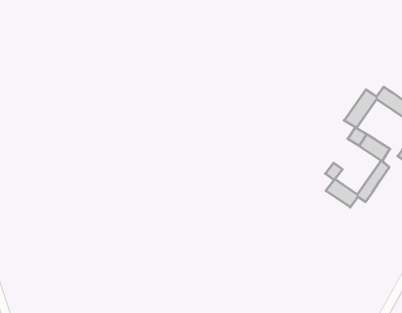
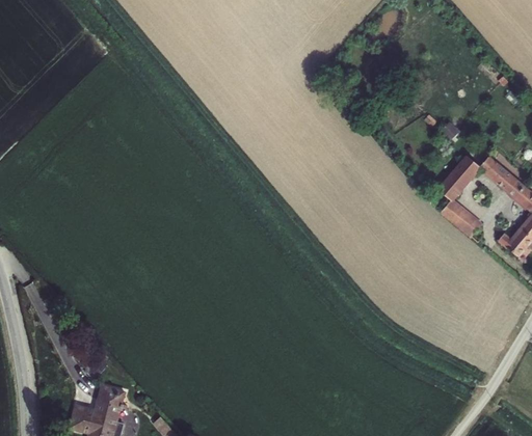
building: [325,161,389,207] -> none

